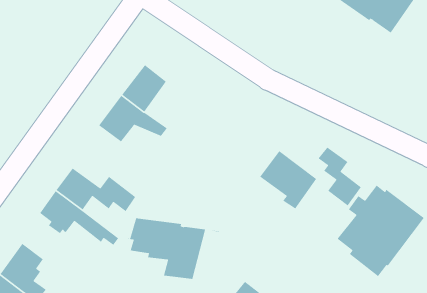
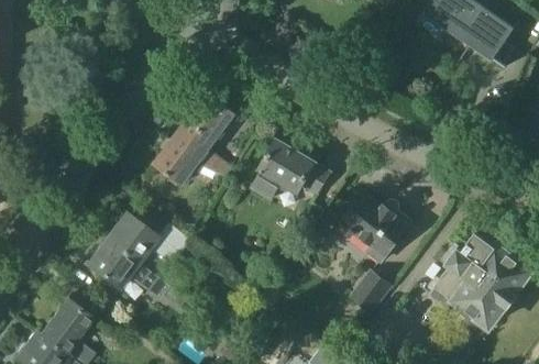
building: none -> [252,140,332,205]
building: [318,146,362,206] -> none
building: [119,203,220,281] -> none
building: none -> [350,271,391,311]

